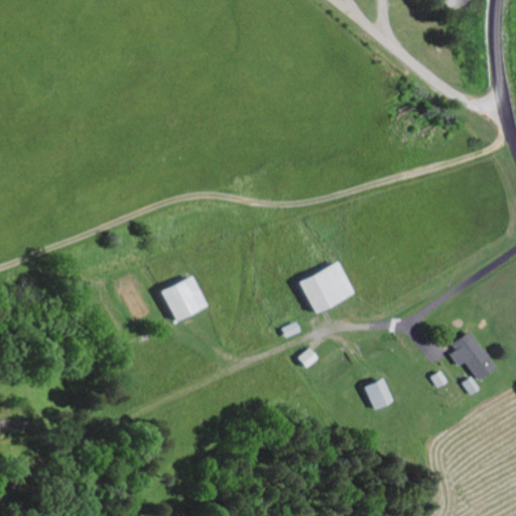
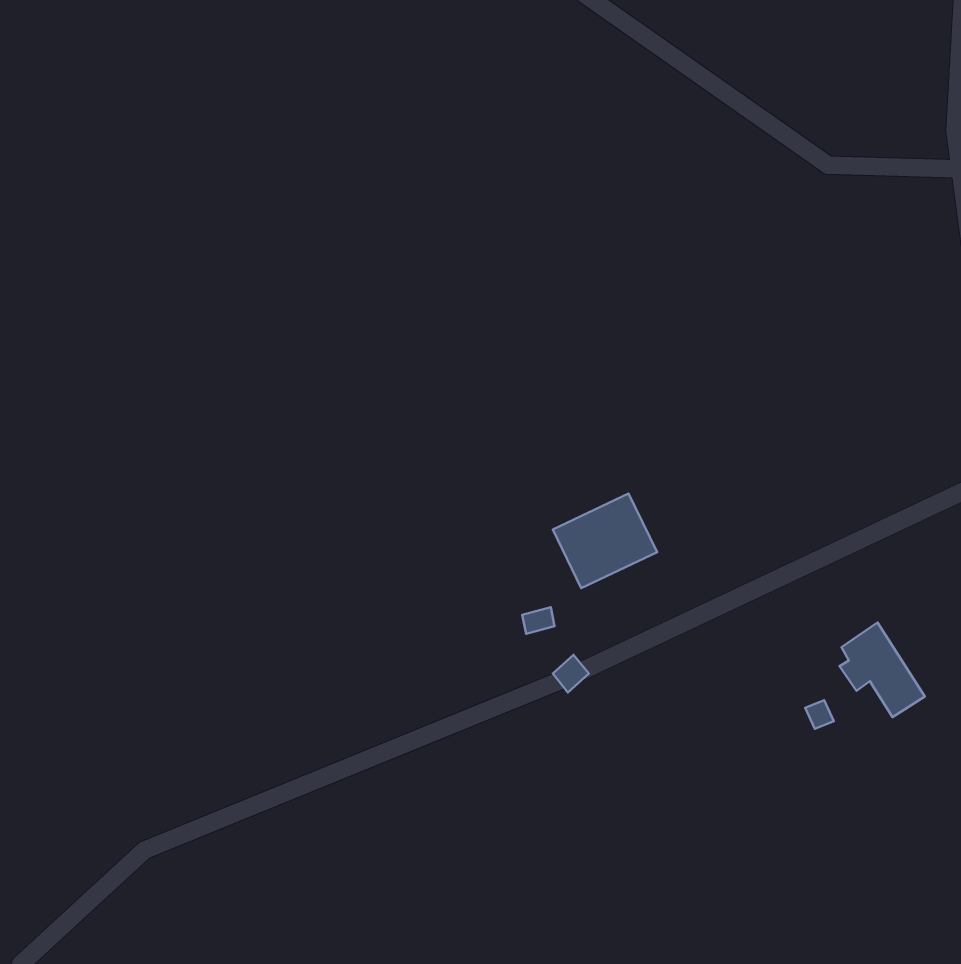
building: [160,276,206,320] -> none
building: [367,379,394,409] -> none

